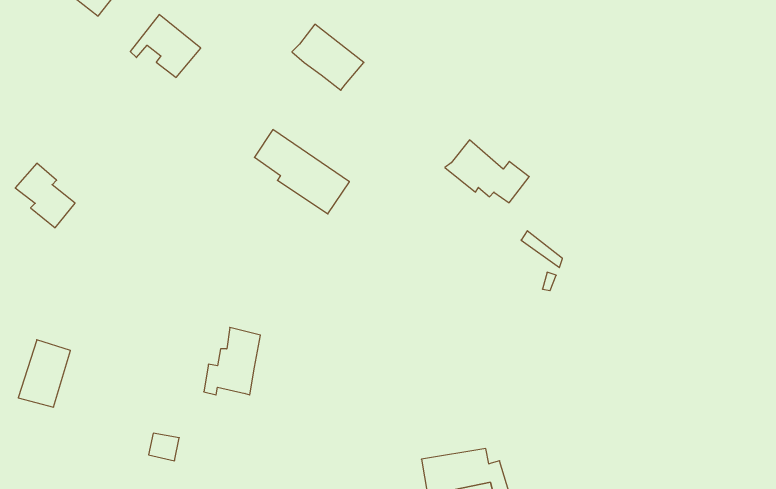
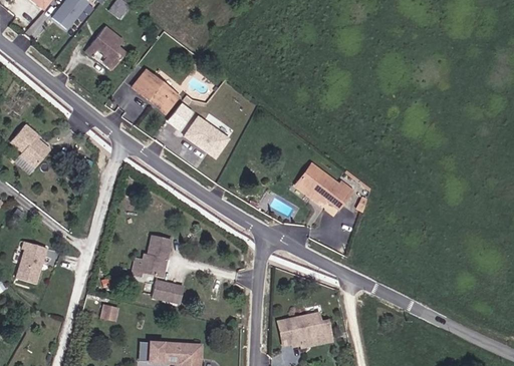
building: [292,24,364,90] -> [136,73,183,116]
building: [445,140,529,203] -> [296,166,351,208]
building: none -> [150,278,185,305]

